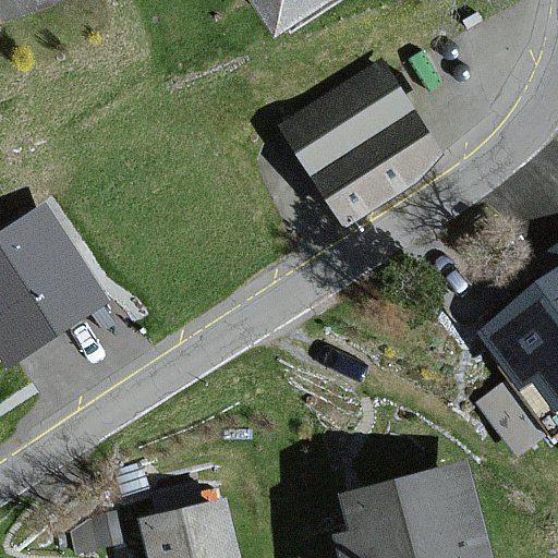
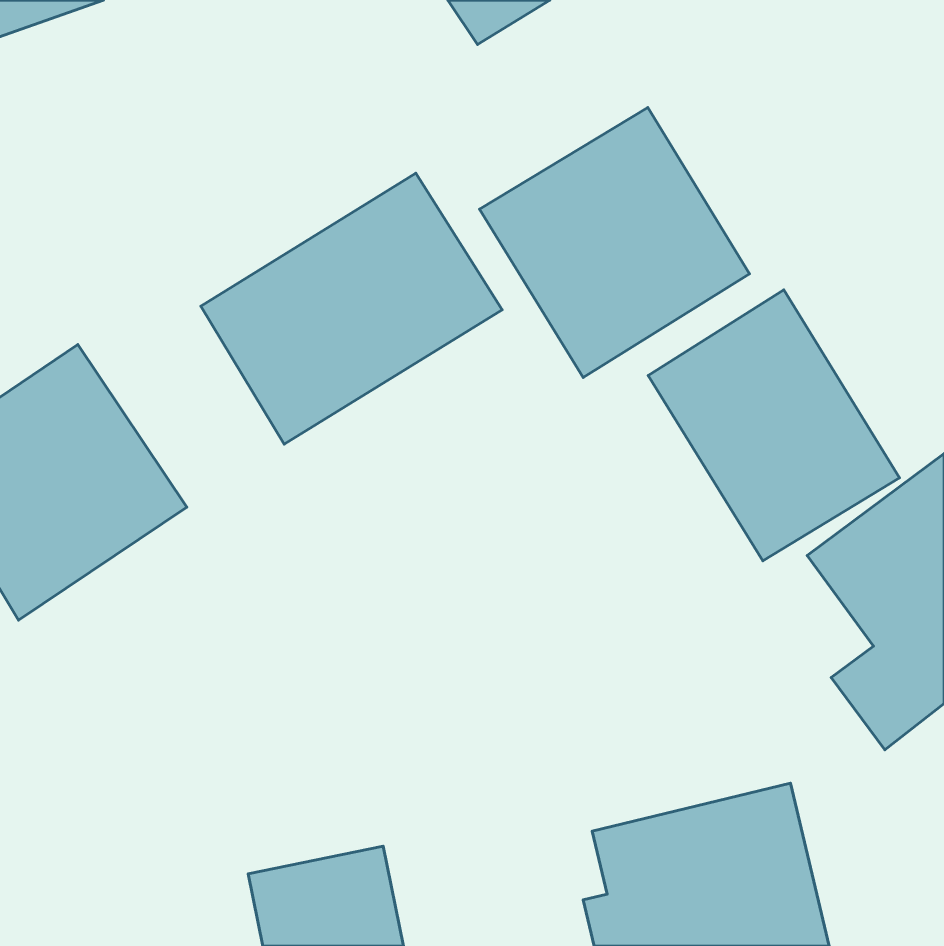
building: none -> [201,173,502,444]
building: none -> [648,290,900,561]

